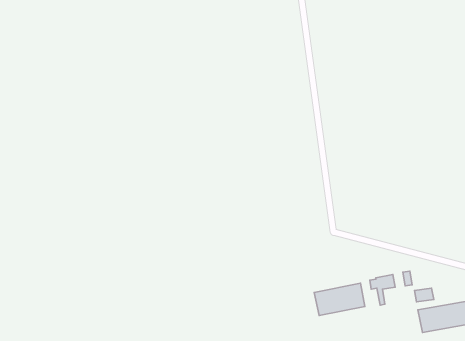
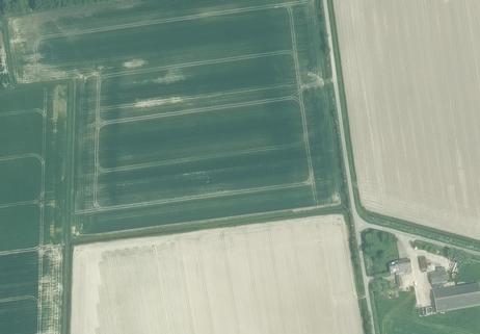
building: [314,283,365,315] -> none

